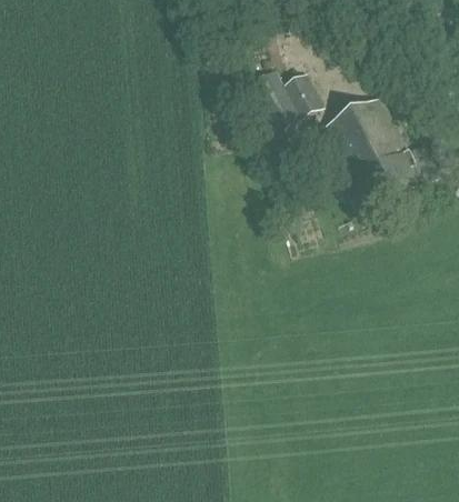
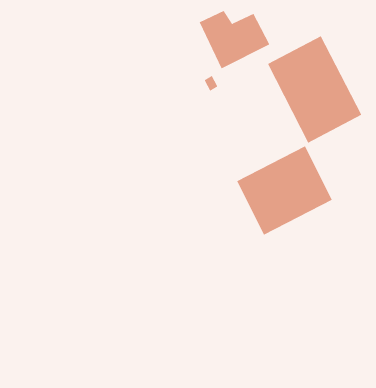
building: none -> [236,146,333,235]

